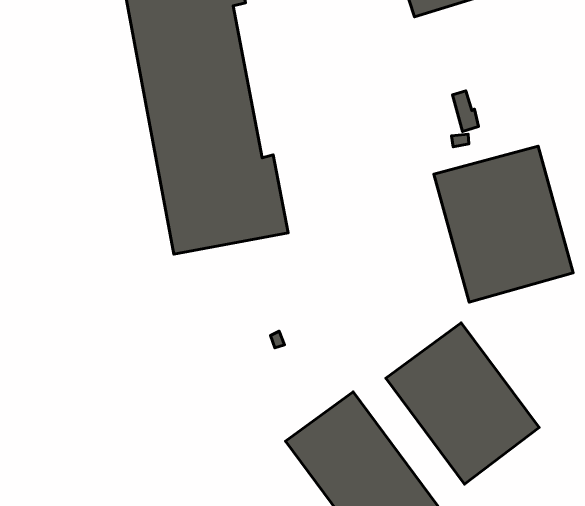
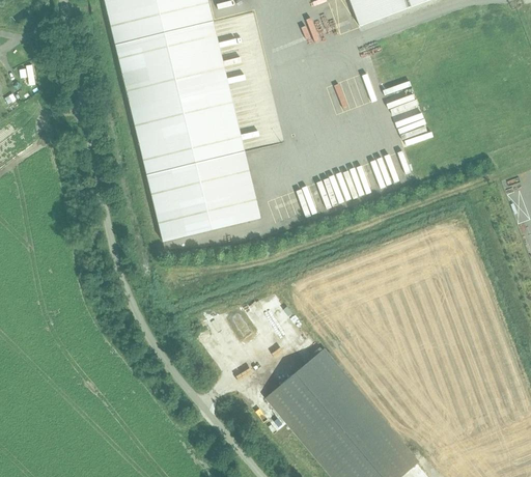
building: [434,146,573,302] -> none
building: [386,323,539,484] -> none

